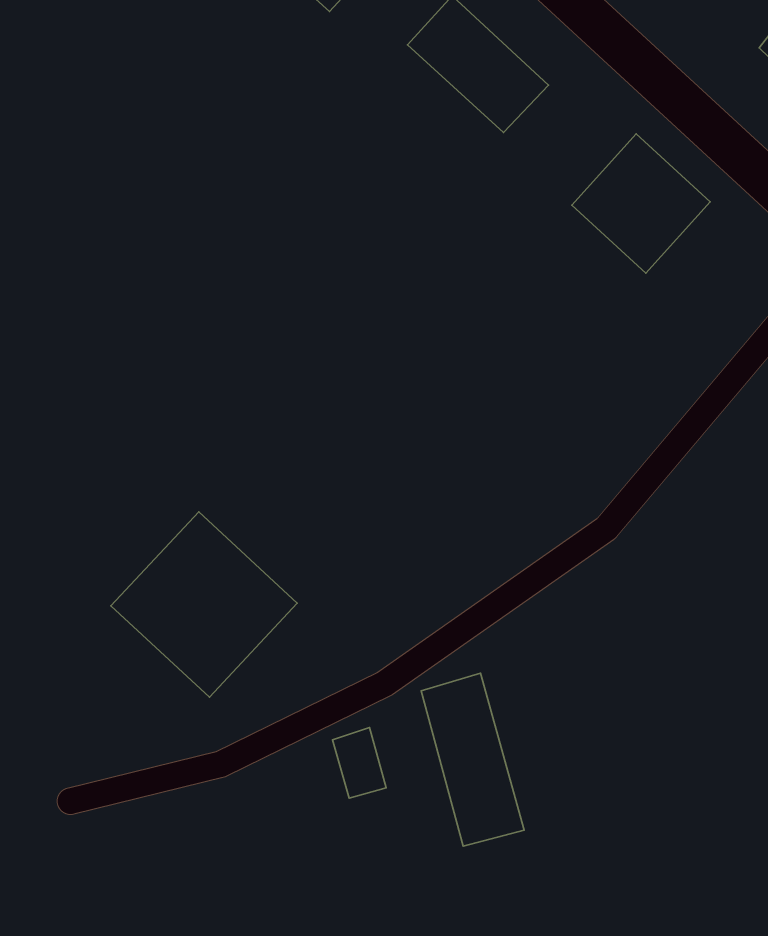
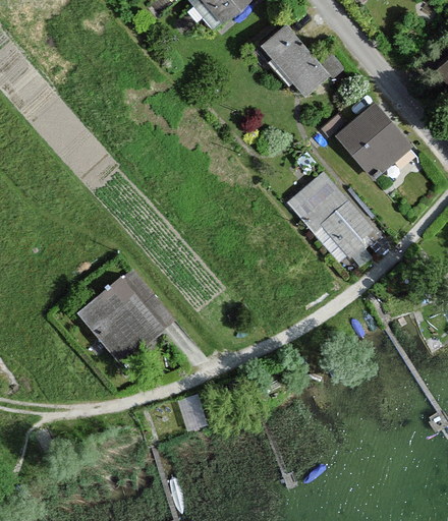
building: none -> [289,174,374,262]
building: [421,673,524,846] -> none

